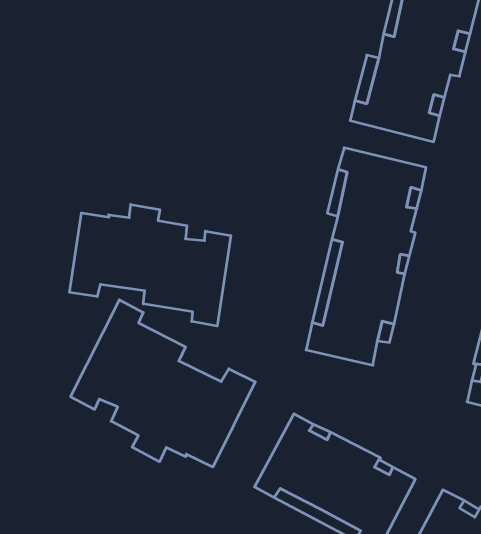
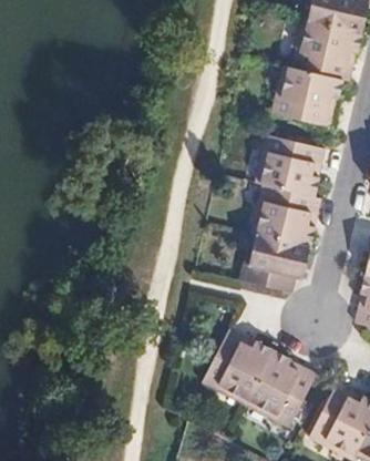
building: [70,204,231,326] -> none
building: [71,300,255,467] -> none

